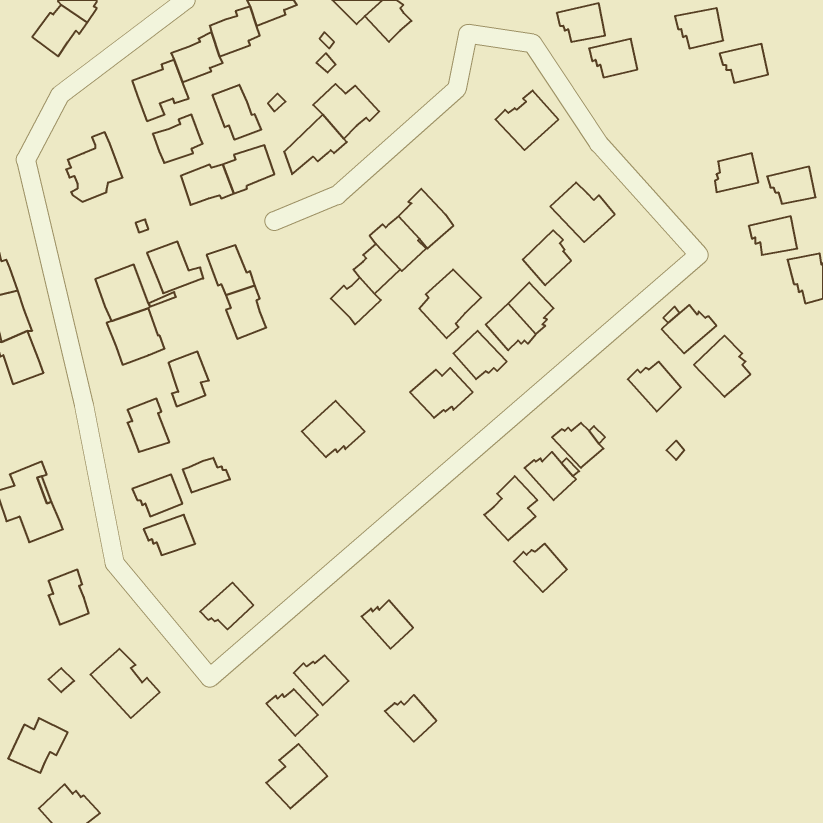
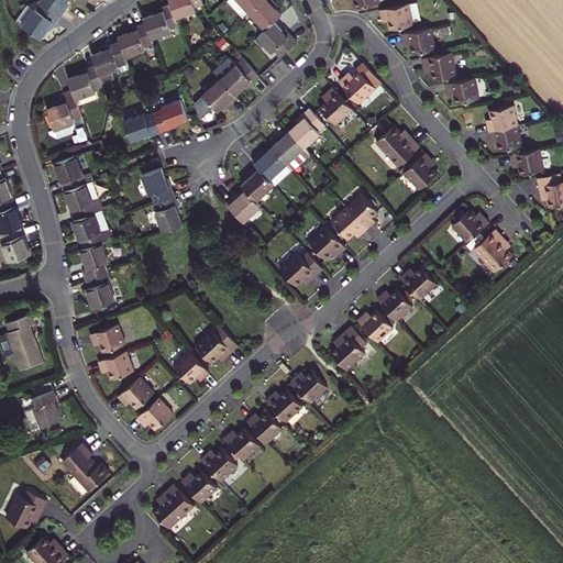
building: [675,8,723,48] -> [422,53,455,80]
building: none -> [257,22,296,57]
building: [720,44,768,83] -> [445,78,478,104]
building: [213,85,261,140] -> none
building: [153,115,203,163] -> [67,66,101,99]
building: none -> [319,88,352,124]
building: none -> [289,110,323,147]
building: [767,167,816,204] -> [488,125,521,151]
building: [523,230,571,285] -> [404,153,437,190]
building: [147,242,203,293] -> [54,156,92,191]
building: [419,269,481,338] -> none
building: [168,352,209,406] -> [81,243,109,280]
building: [628,362,681,412] -> [399,266,435,300]
building: [302,401,365,457] -> [195,324,238,363]
building: [183,458,230,493] -> none
building: none -> [173,351,208,383]
building: [514,544,567,592] -> [290,369,327,402]
building: none -> [118,377,154,409]
building: none -> [265,388,301,421]
building: [385,695,436,742] -> [223,428,258,460]
building: [266,744,327,809] -> [152,484,194,528]

